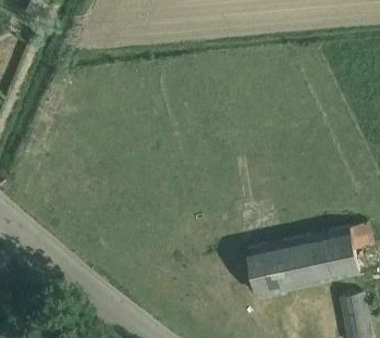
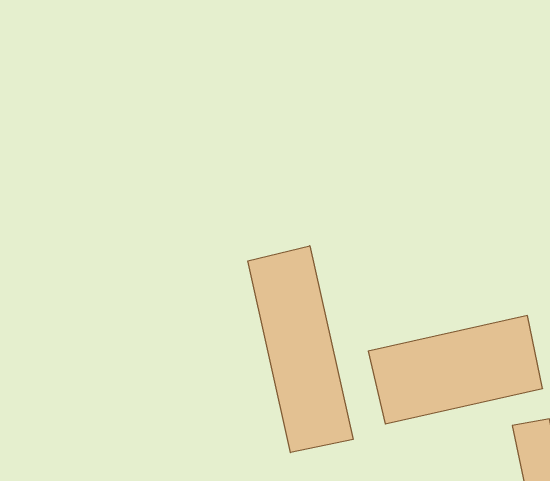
building: none -> [248,246,353,453]

